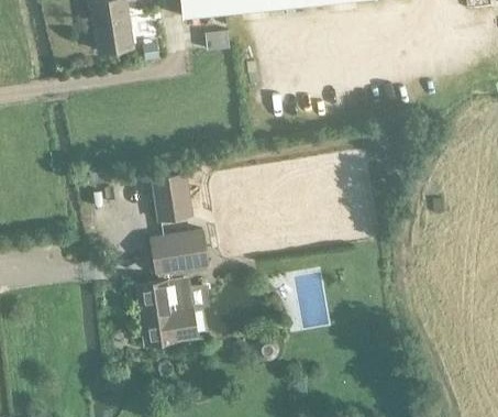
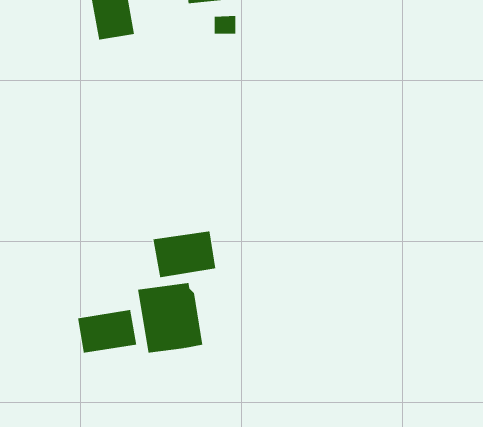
building: [154,174,187,220] -> none
building: none -> [77,309,137,354]

